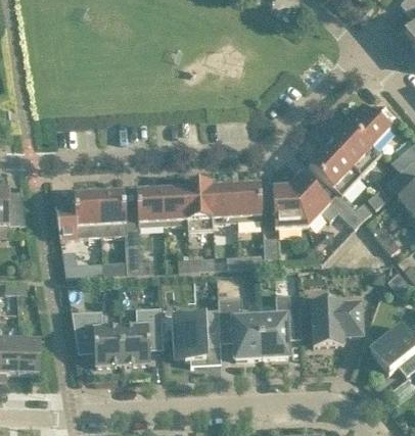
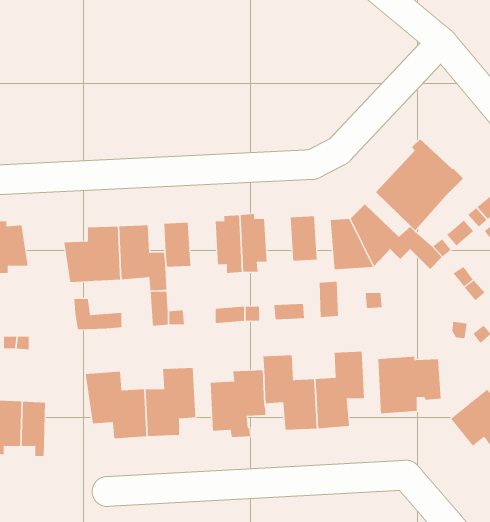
building: [345,102,389,145] -> none
building: [219,185,241,222] -> none
building: [156,188,180,225] -> none

